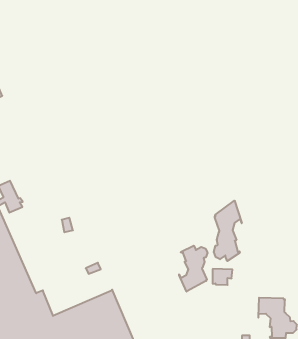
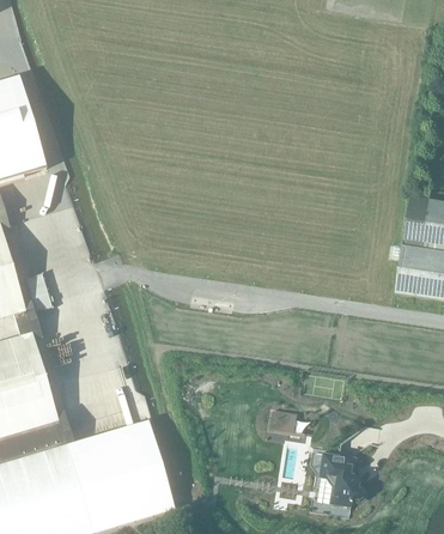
building: [214,201,242,261] -> none
building: [179,246,207,292] -> none

